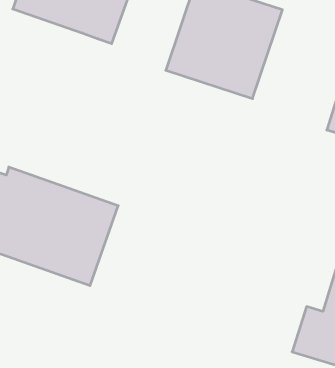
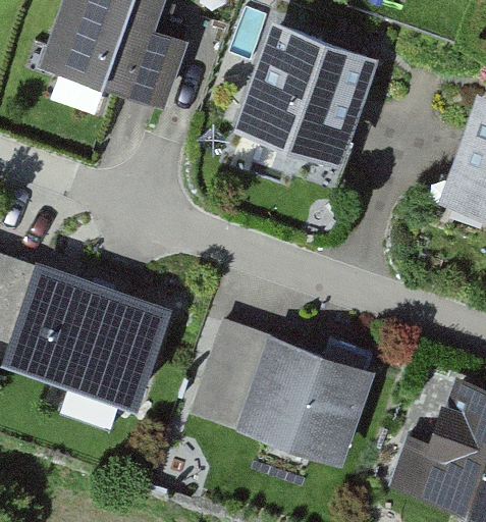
building: none -> [191,323,374,466]

